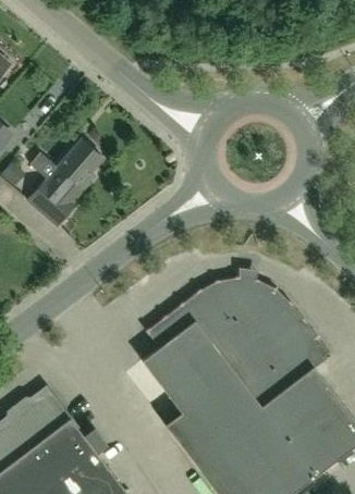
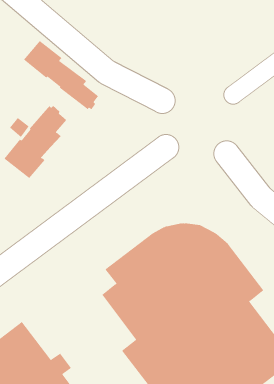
building: none -> [23,40,99,110]

